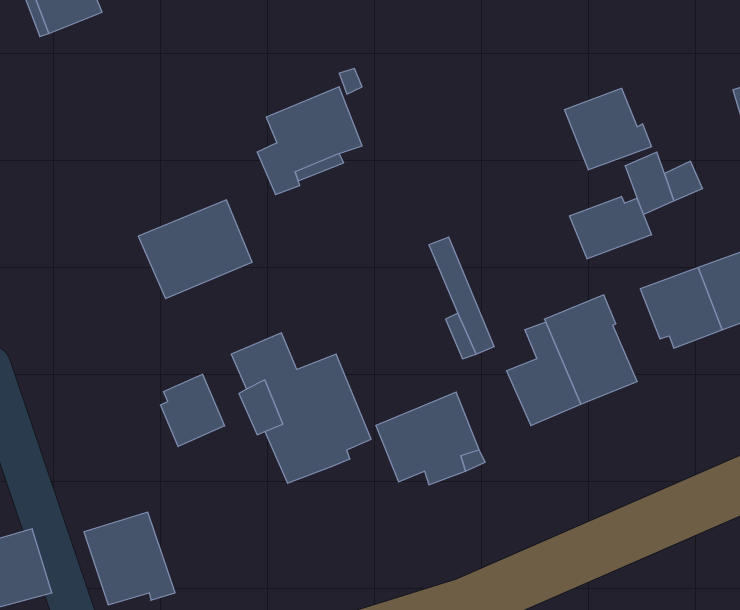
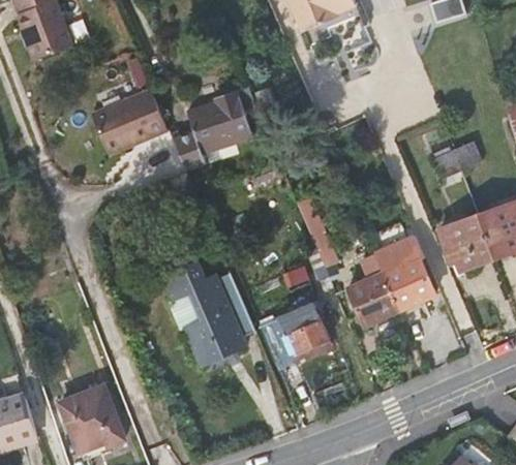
building: [565,88,652,170] -> none
building: [570,196,651,259] -> none
building: [138,200,252,298] -> [92,87,170,154]
building: [161,374,225,447] -> none

